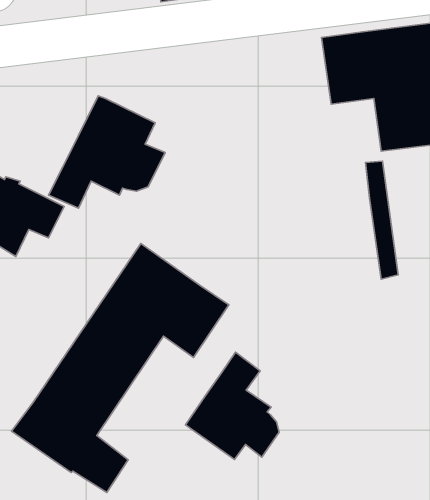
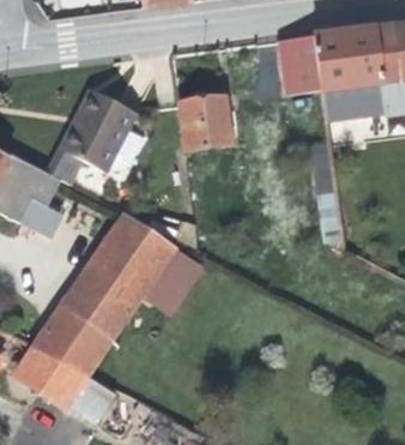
building: none -> [177,95,230,150]
building: [186,352,279,460] -> none

